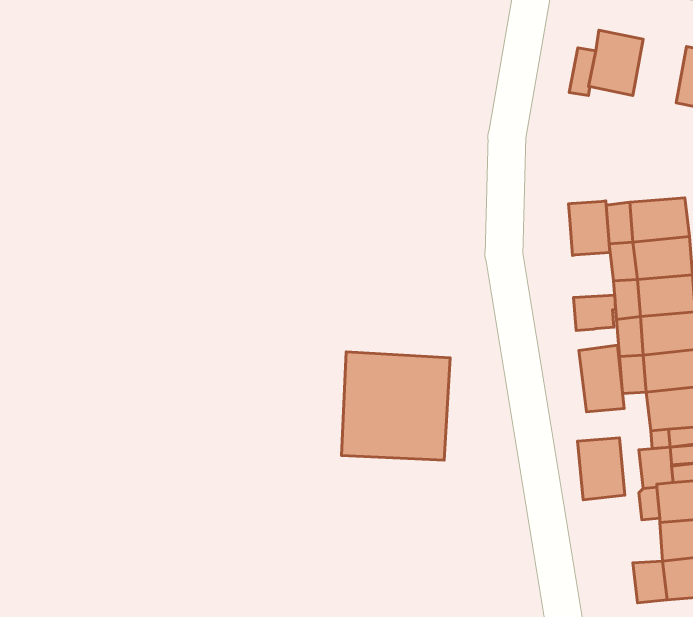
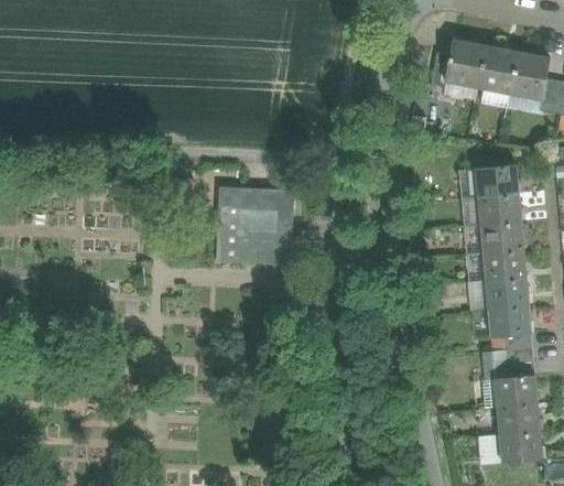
building: none -> [478,45,518,93]
building: [569,201,610,255] -> none
building: [574,295,616,331] -> none
building: [579,345,624,412] -> none
building: [342,352,450,460] -> [217,185,297,266]
building: [577,438,625,500] -> none

